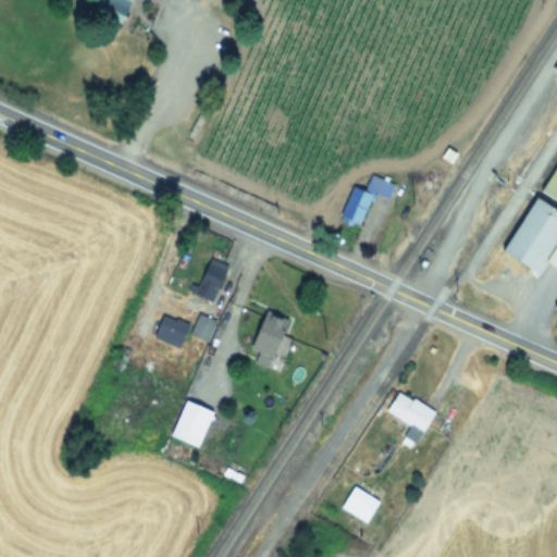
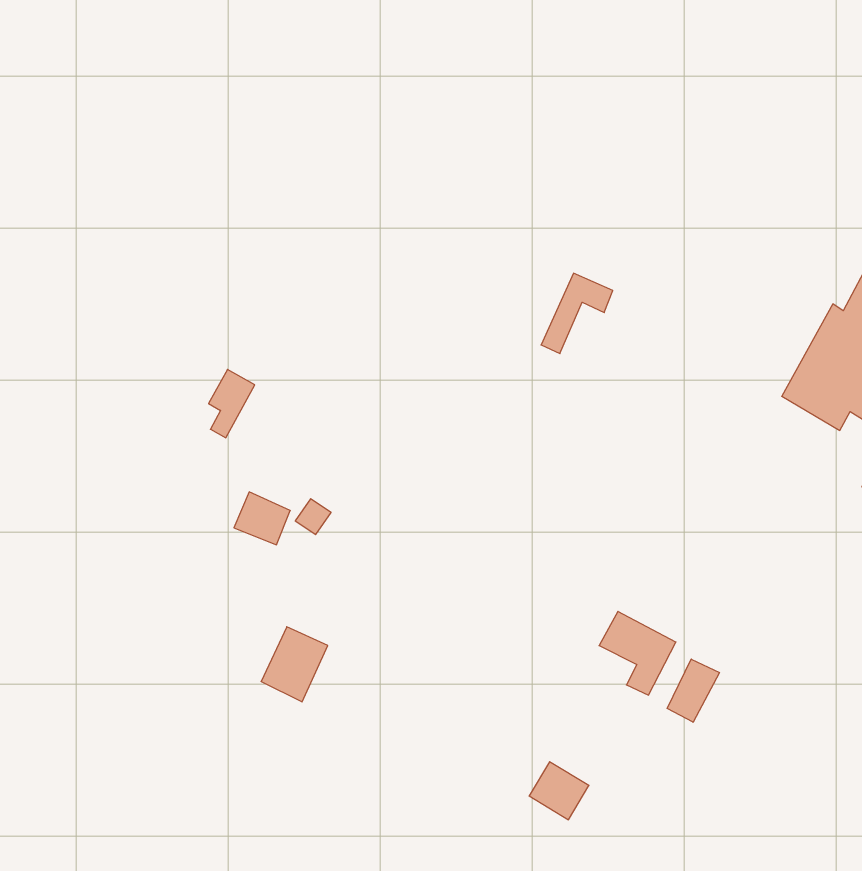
building: [202,259,232,302] -> [209,369,255,438]
building: [251,313,289,369] -> none
building: none -> [667,659,719,722]

